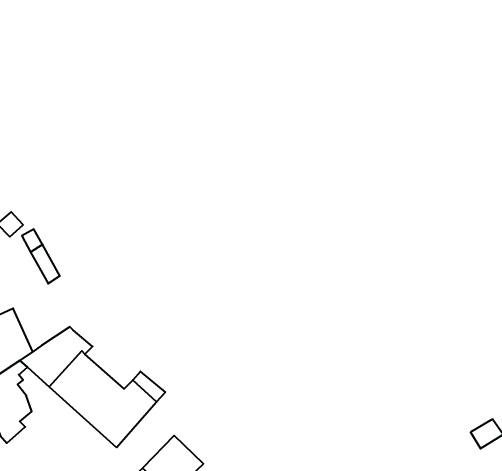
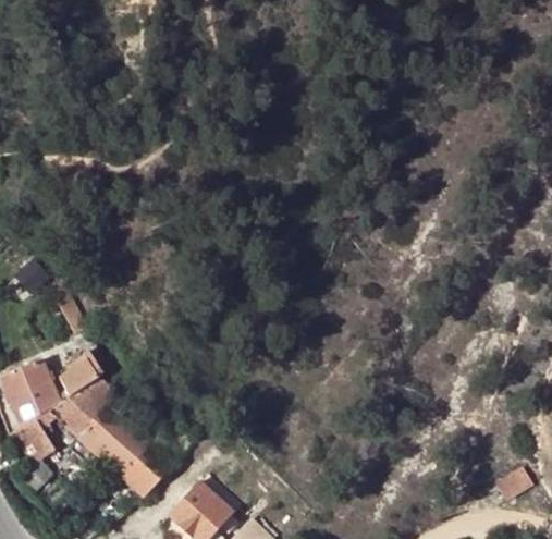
building: none -> [58,346,105,394]

